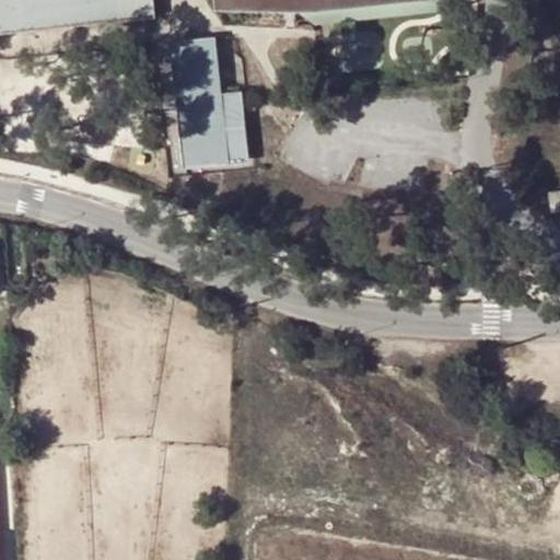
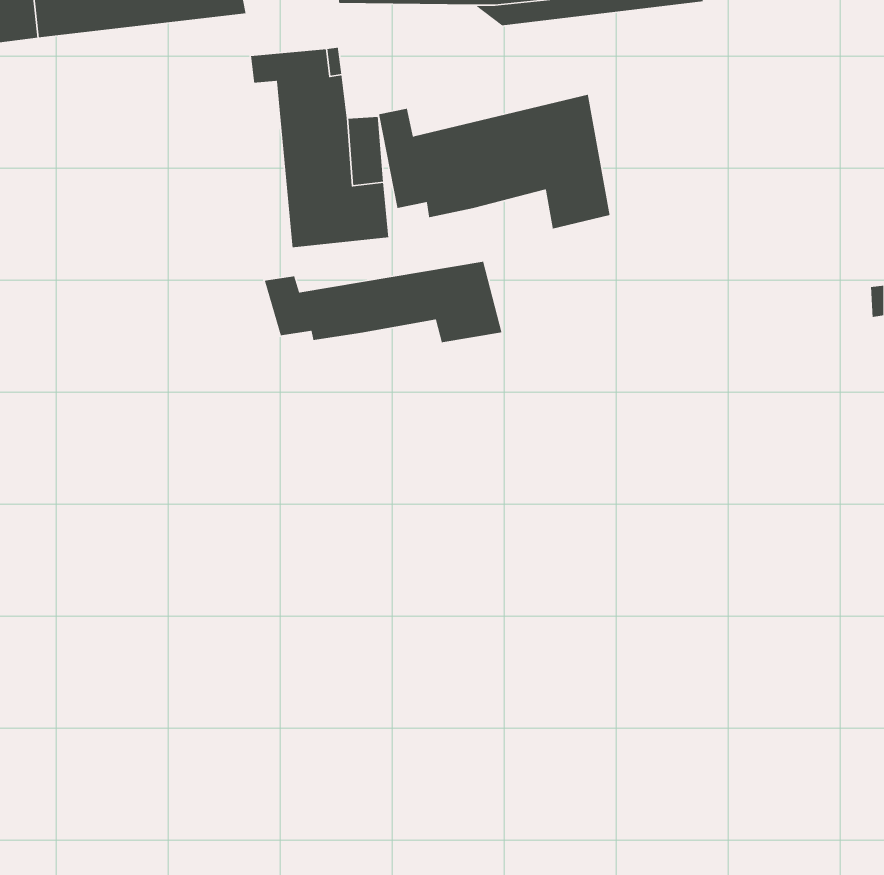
building: none -> [378,94,611,229]
building: none -> [264,261,502,343]

